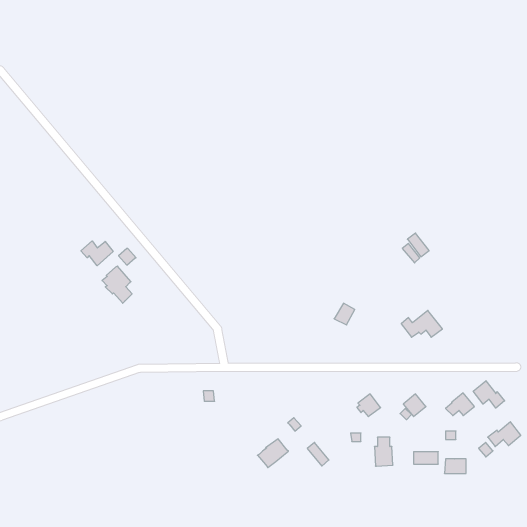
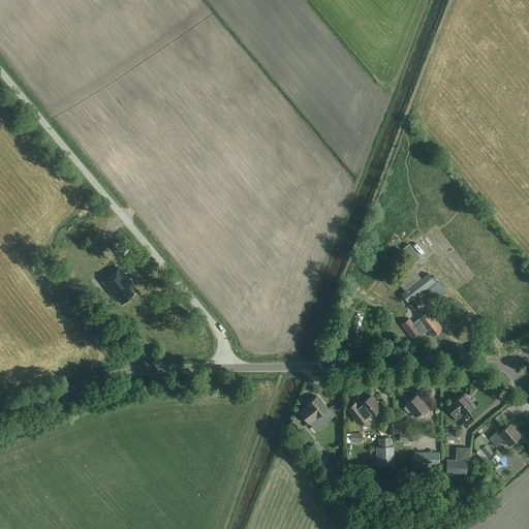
building: [81,241,113,266] -> none
building: none -> [402,273,447,310]
building: [473,381,505,408] -> none
building: [257,439,288,468] -> [298,396,329,425]

